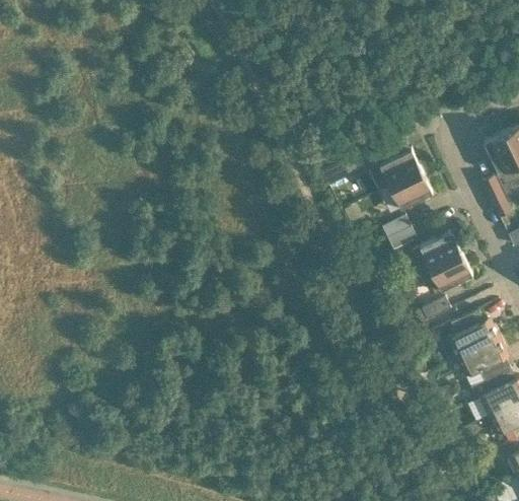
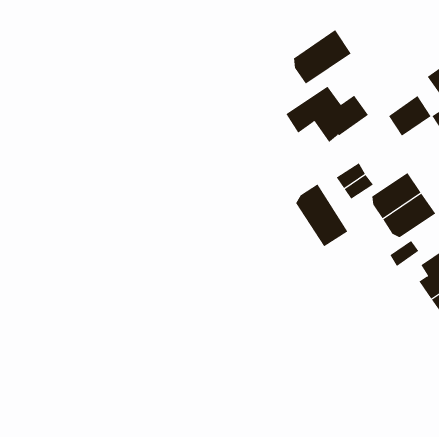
building: none -> [293,29,352,85]
building: [392,171,434,209] -> [388,95,431,136]
building: none -> [295,183,348,247]

